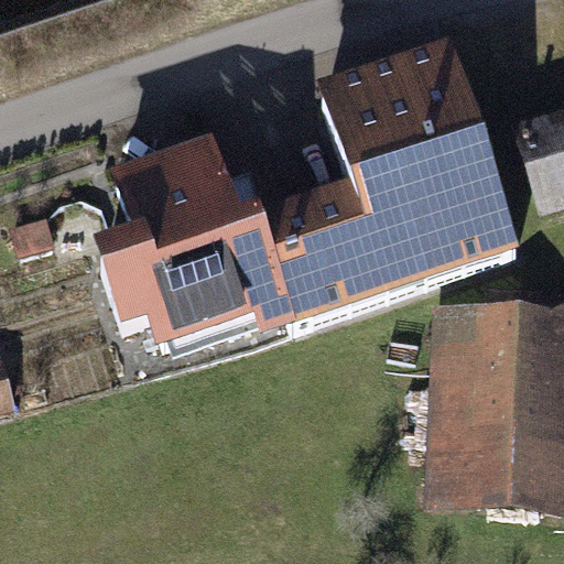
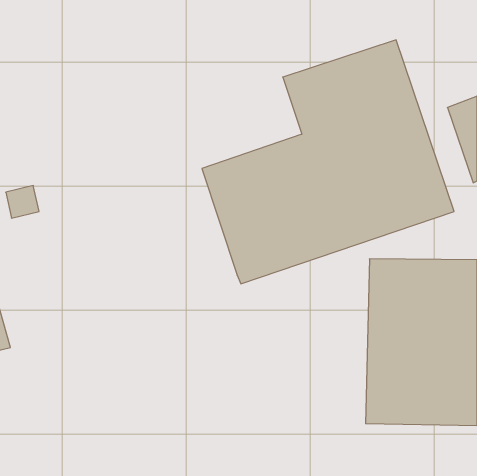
building: [117,151,274,352] -> none

